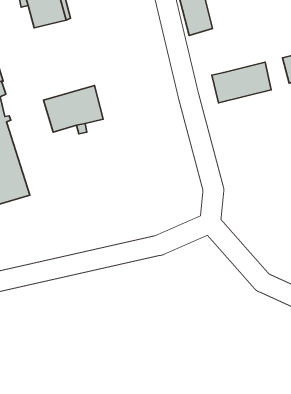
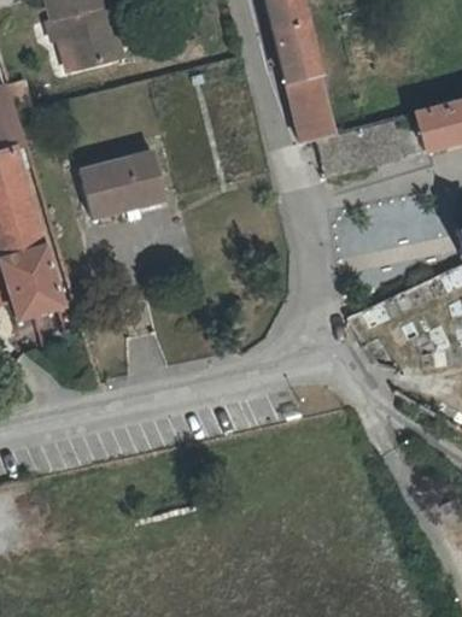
building: none -> [286,71,334,140]

